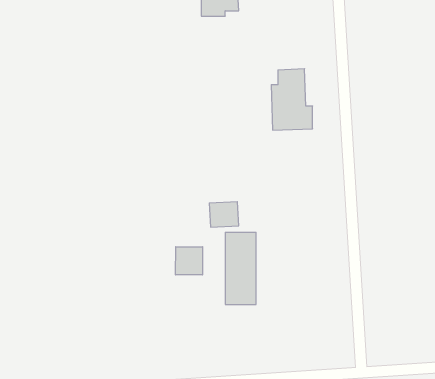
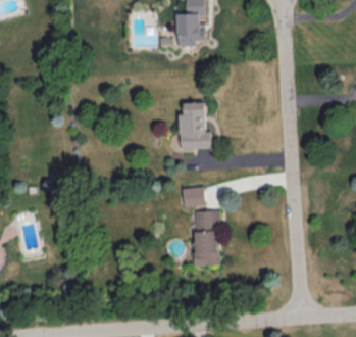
building: [271,69,313,130] -> [179,103,210,150]
building: [176,247,203,275] -> none

